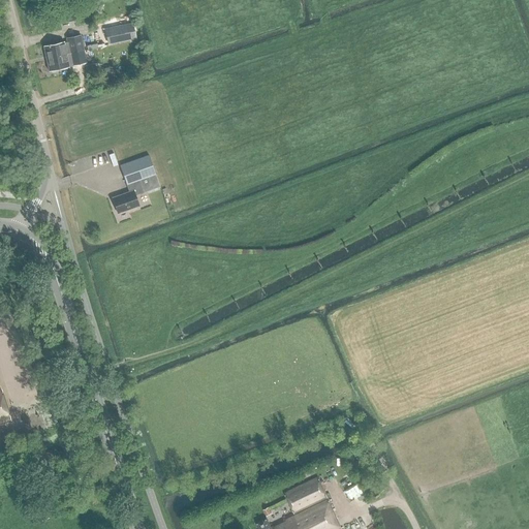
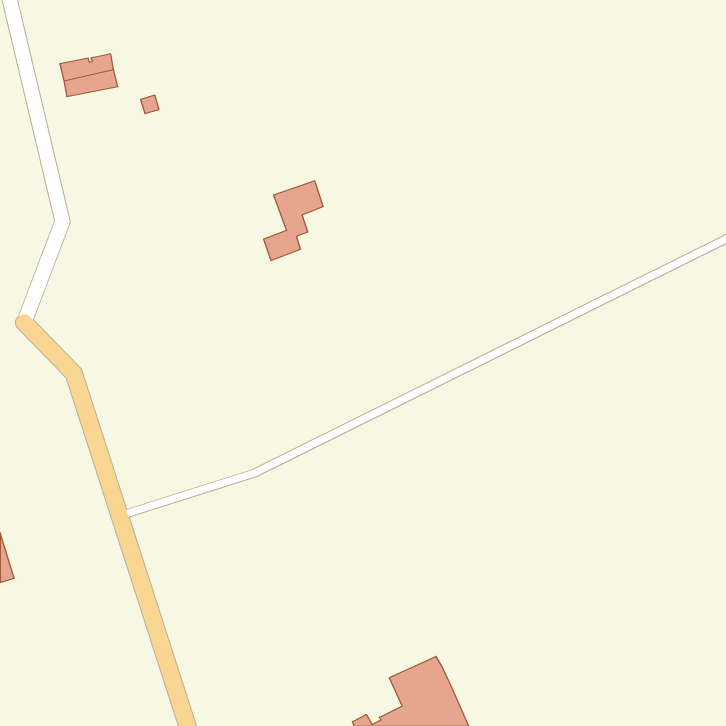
building: [105,23,135,44] -> none
building: [112,156,155,214] -> [264,181,323,260]

